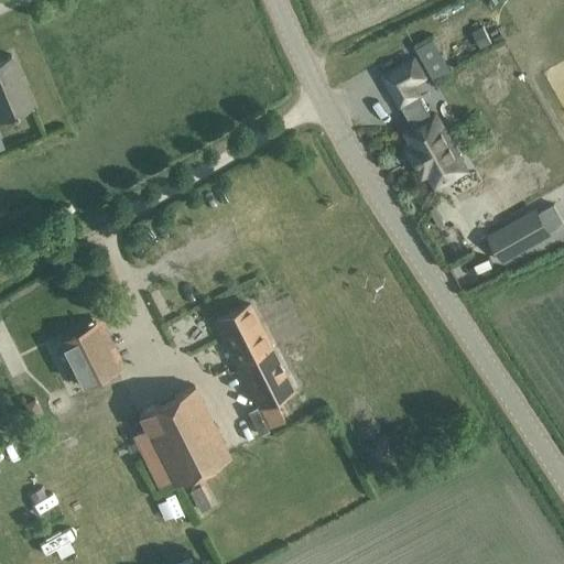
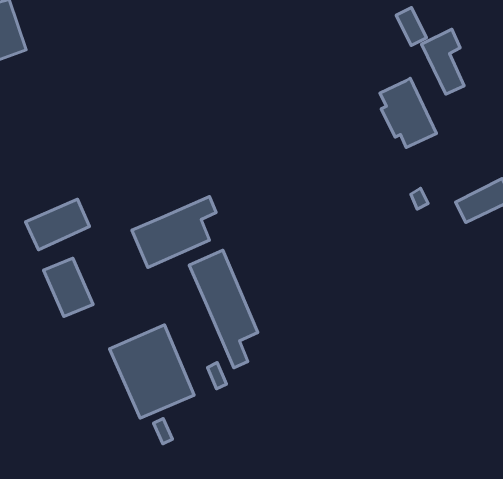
building: [384,59,432,128] -> [421,29,464,94]
building: none -> [132,197,216,267]
building: none -> [26,199,90,250]

